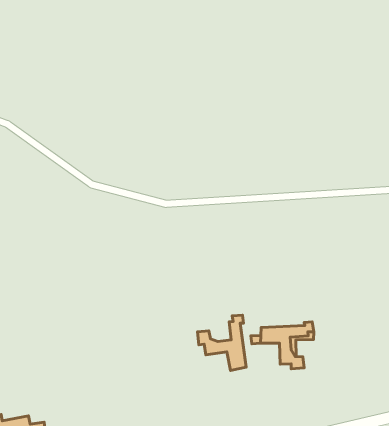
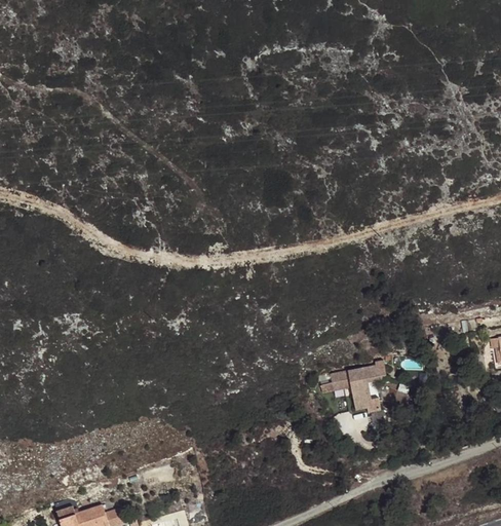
building: [197,315,246,370] -> none

